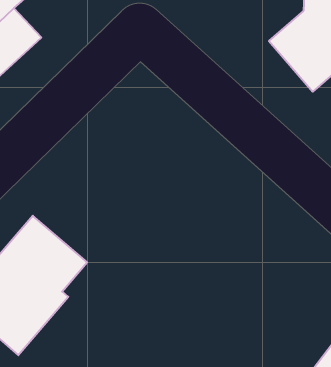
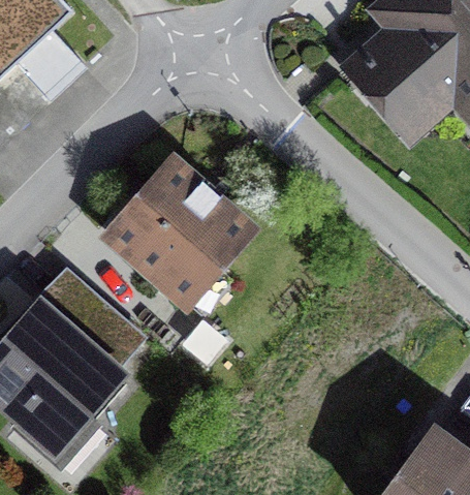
building: none -> [107,165,243,315]

